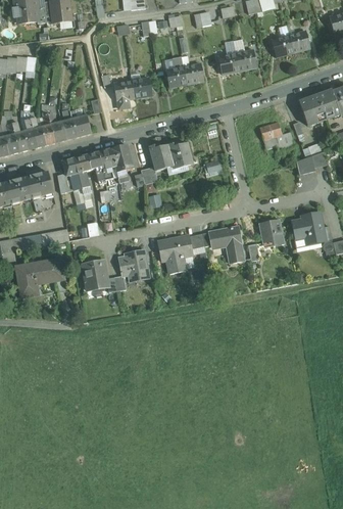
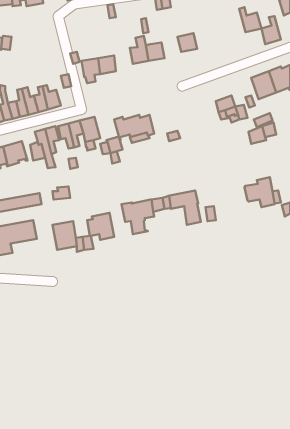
building: [272,26,293,56] -> [261,16,281,44]
building: [234,38,257,70] -> none
building: [259,219,284,245] -> none

